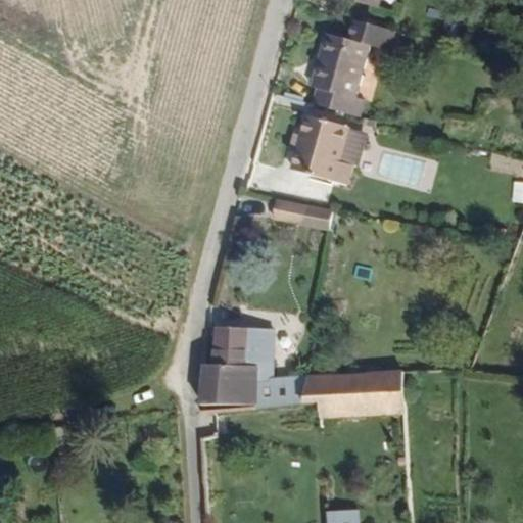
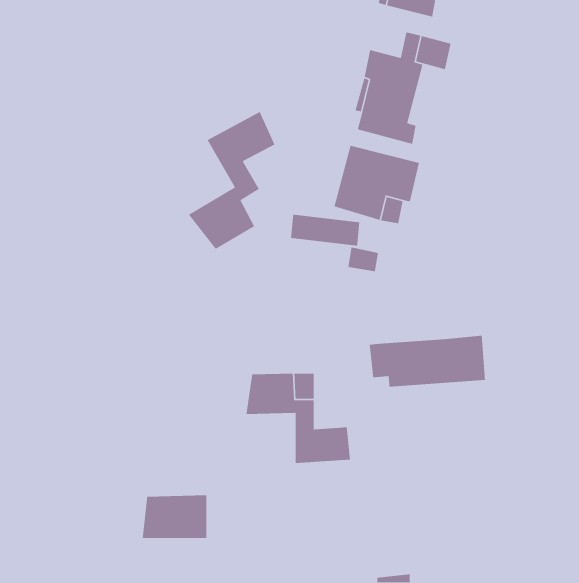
building: none -> [188,111,275,250]
building: [200,362,257,400] -> [142,495,207,539]
building: [303,365,406,411] -> [369,335,486,387]

